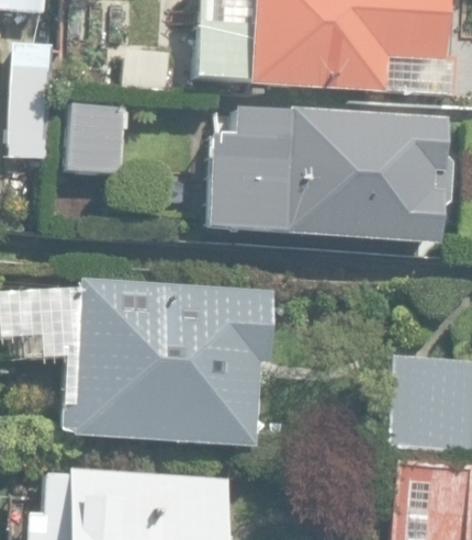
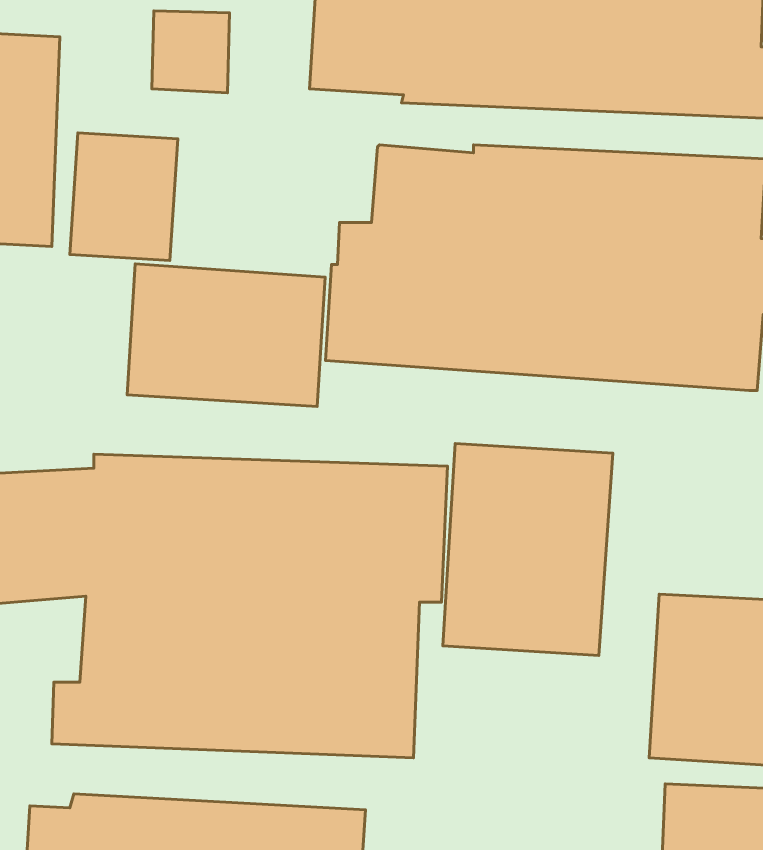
building: none -> [127,264,325,406]
building: none -> [443,443,613,656]

